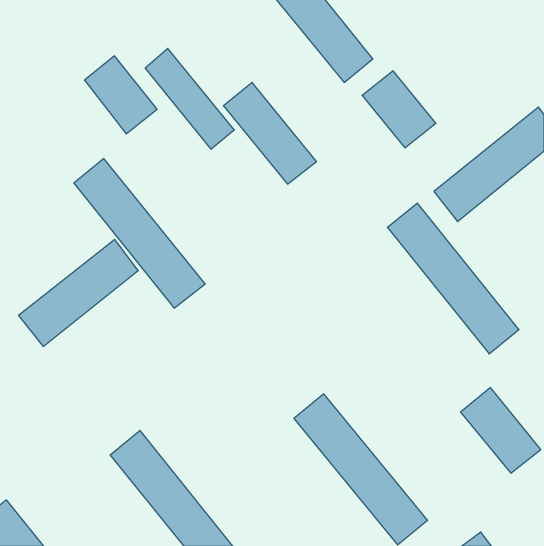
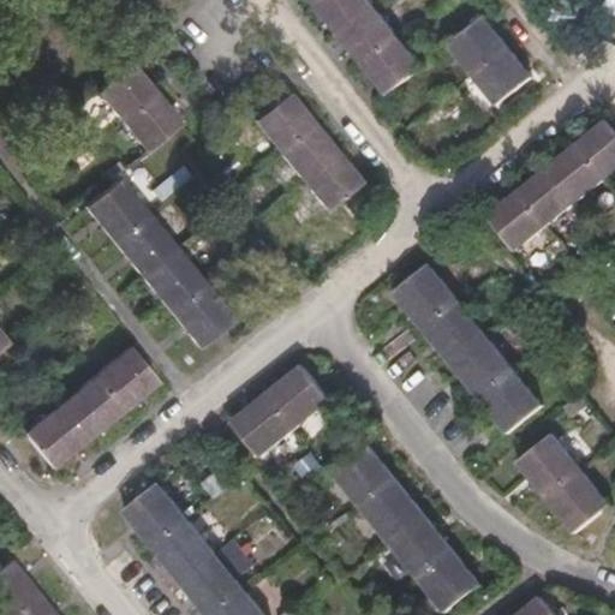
building: [145,48,234,149] -> none
building: [362,71,436,148] -> [448,17,531,103]
building: [387,203,519,354] -> [394,264,542,434]
building: [19,239,138,346] -> [20,346,155,466]
building: none -> [232,365,330,456]

